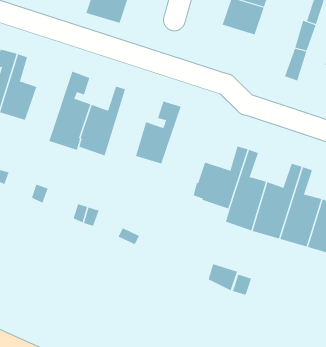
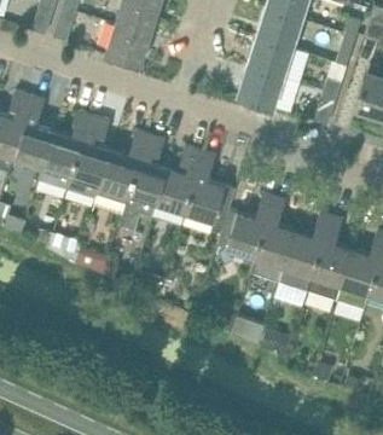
building: none -> [238,66,283,108]
building: none -> [39,111,91,188]
building: none -> [118,134,168,231]
building: none -> [185,152,236,232]

